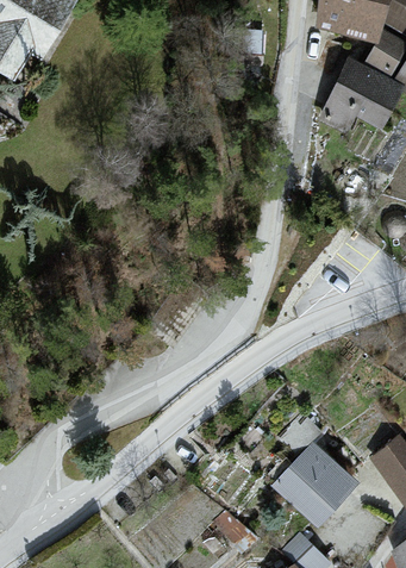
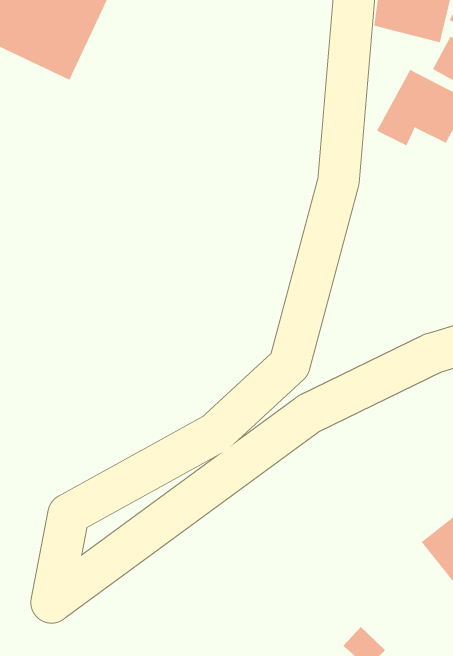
building: [252,431,349,526] -> none

